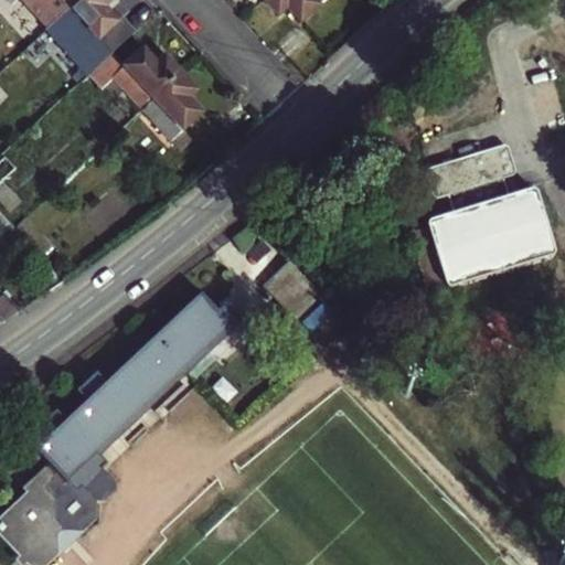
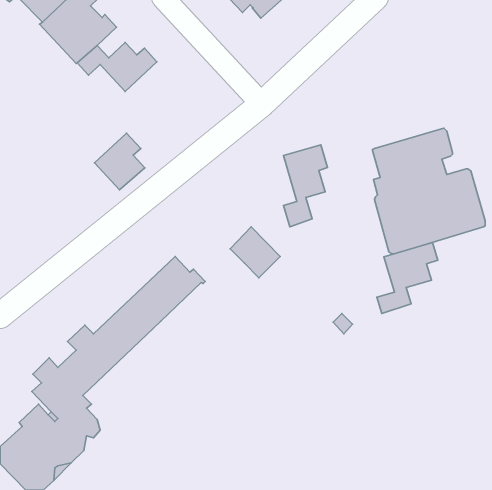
building: [143,71,201,136] -> [95,133,145,190]
building: none -> [283,145,328,227]
building: none -> [377,243,438,314]

